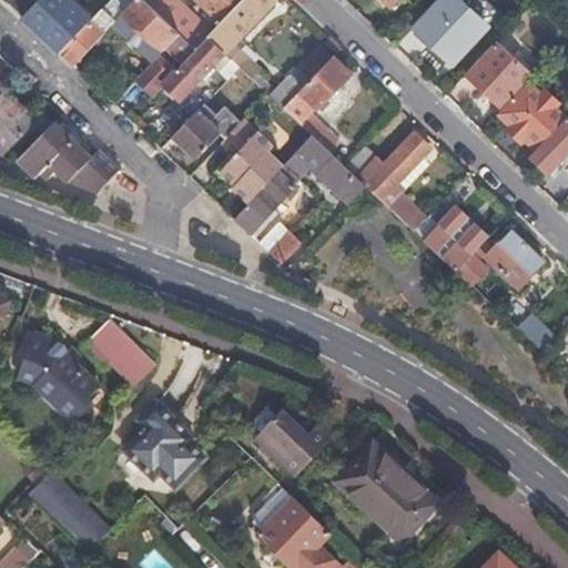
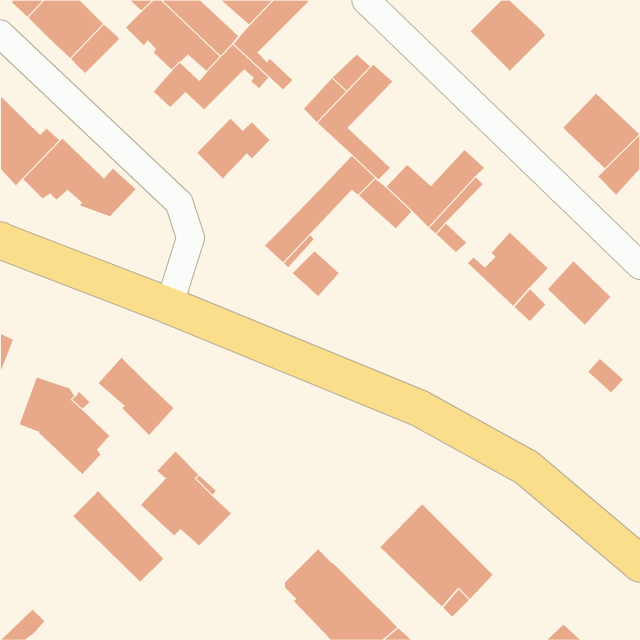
building: [466,41,534,110] -> none
building: [219,123,282,200] -> none
building: [256,412,334,477] -> none
building: [26,471,106,554] -> [73,490,164,582]

